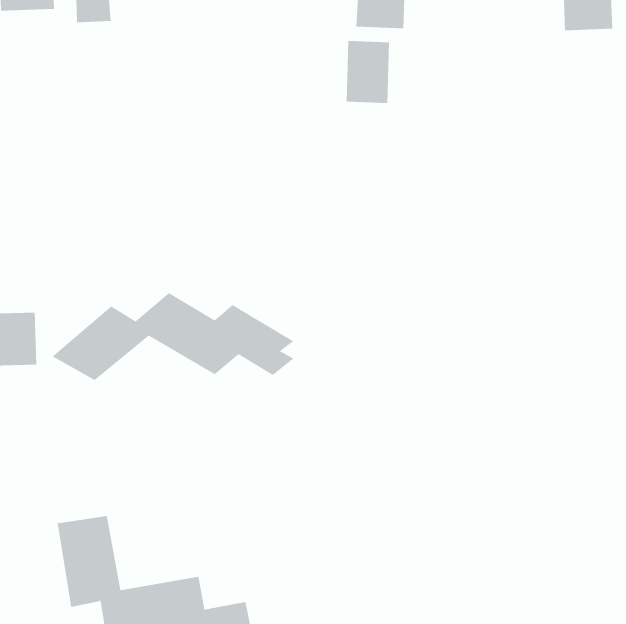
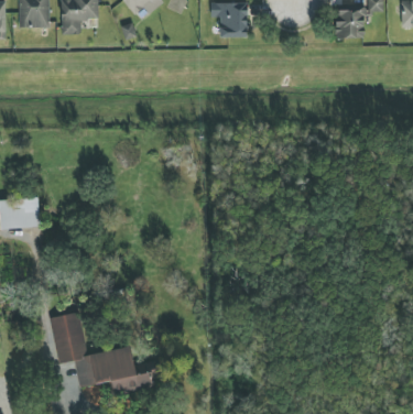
building: [346,40,390,104] -> none
building: [52,292,295,381] -> none

